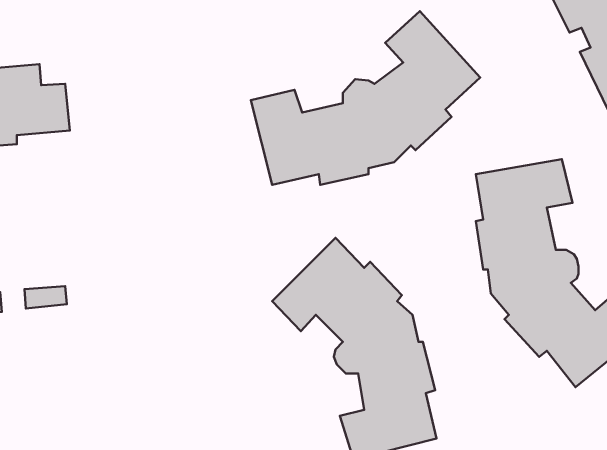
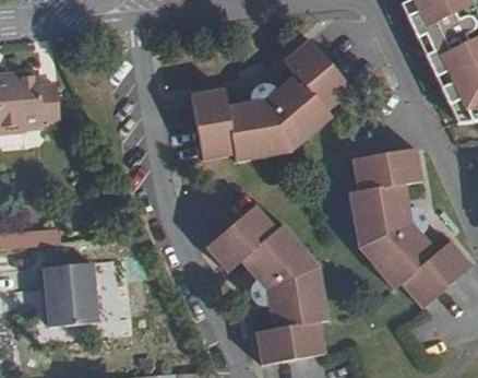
building: none -> [45,264,98,329]

